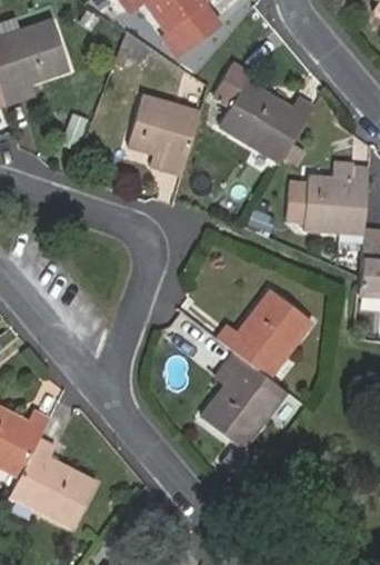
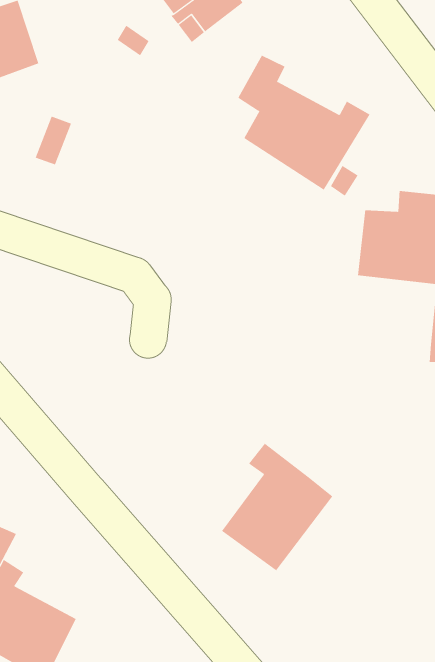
building: [126,96,200,175] -> none
building: [220,289,310,377] -> none

